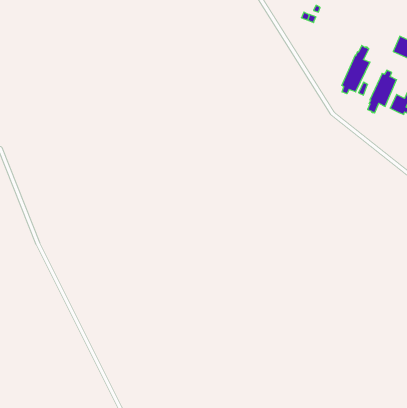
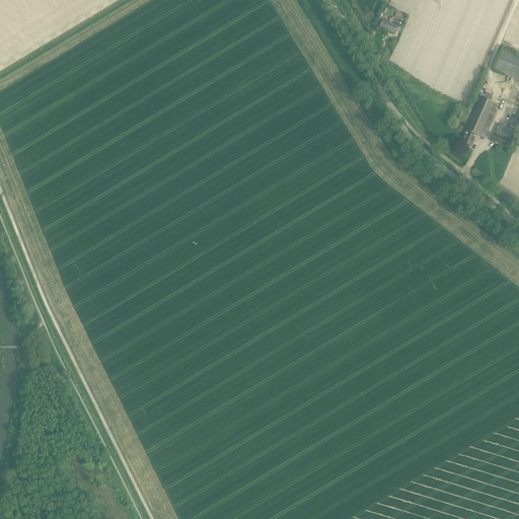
building: [342,45,370,94] -> none

